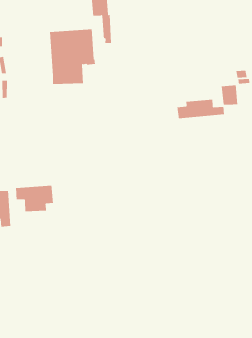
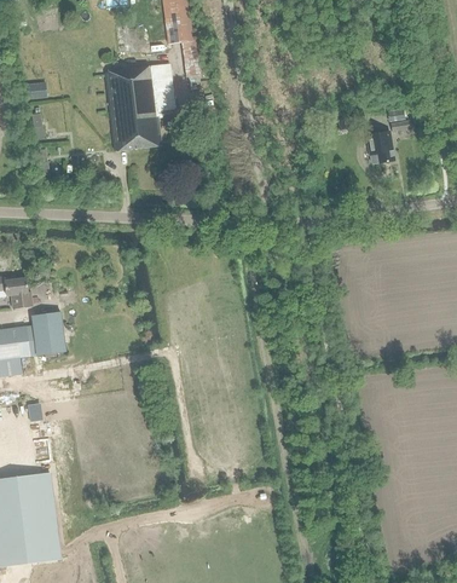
building: [177,99,224,119] -> none
building: [15,185,54,212] -> none

